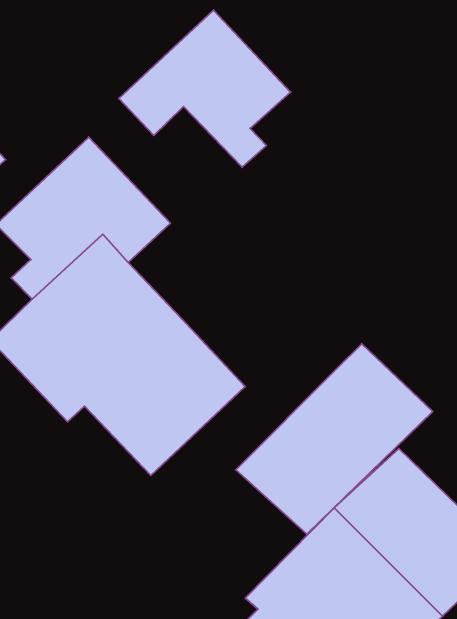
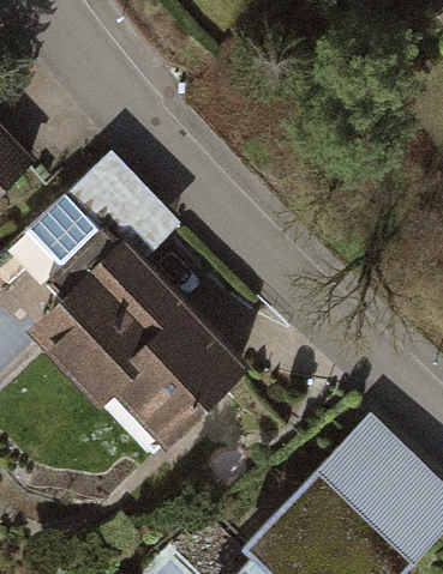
building: [119,10,291,167] -> none
building: [236,344,433,534] -> none

